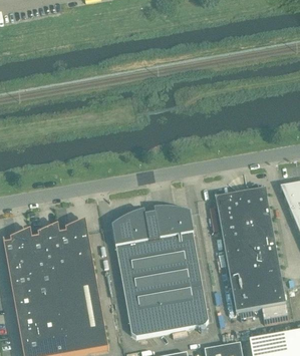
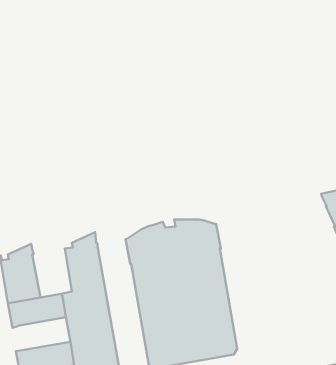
building: [214,194,285,317] -> none
building: [30,229,64,280] -> none
building: [13,297,63,326] -> none

